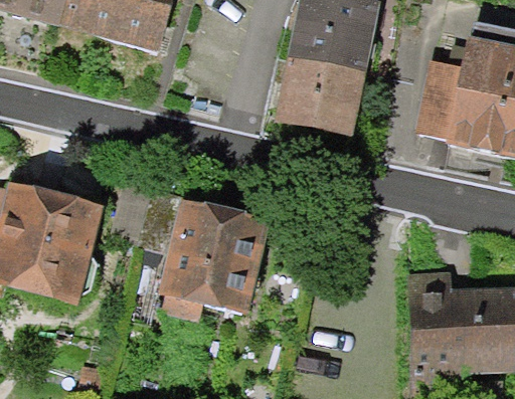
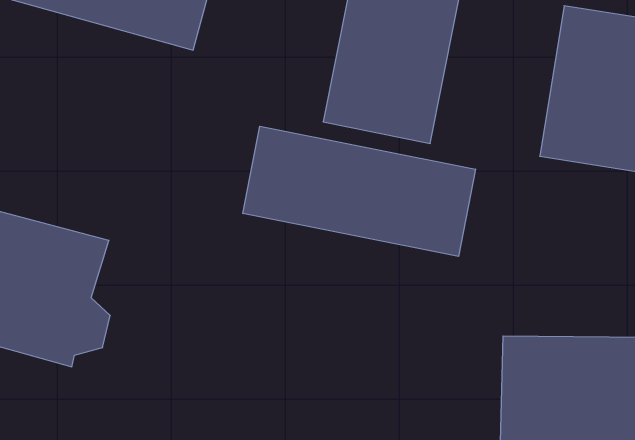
building: none -> [243,126,475,256]
building: [116,185,270,323] -> none

